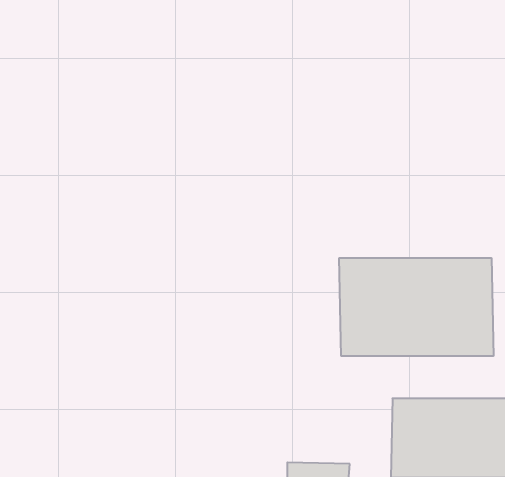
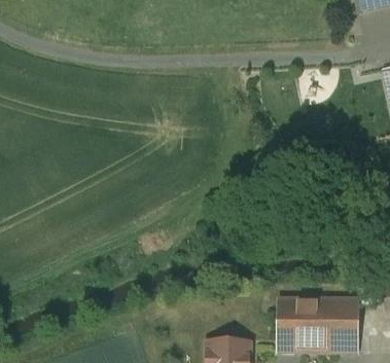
building: [339,258,493,356] -> none

